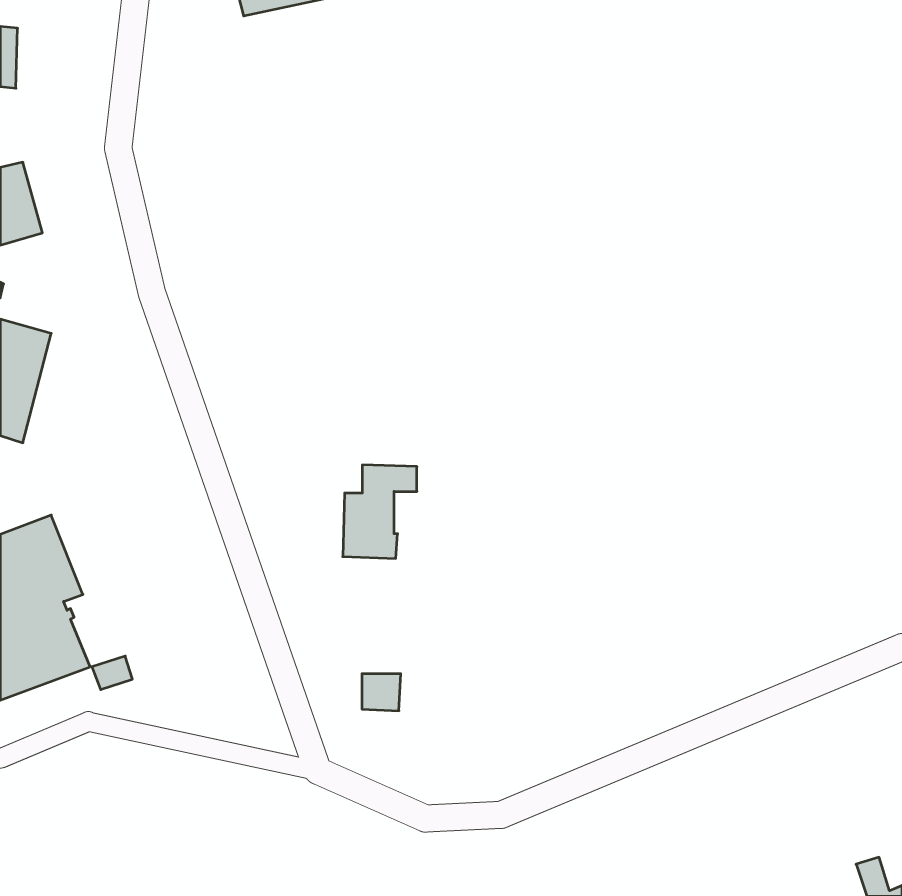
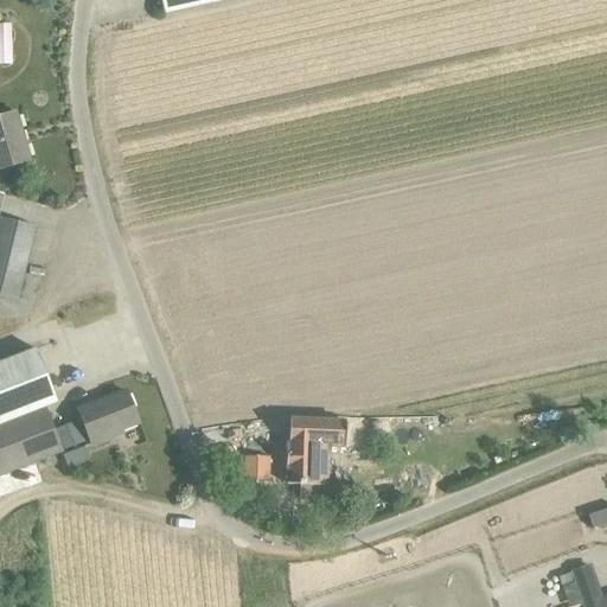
building: [343,465,417,558] -> [287,418,337,481]
building: none -> [77,389,138,441]

